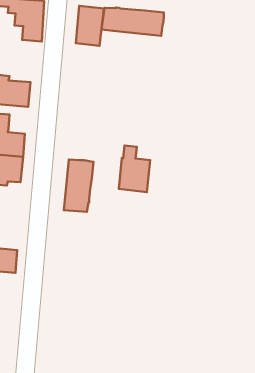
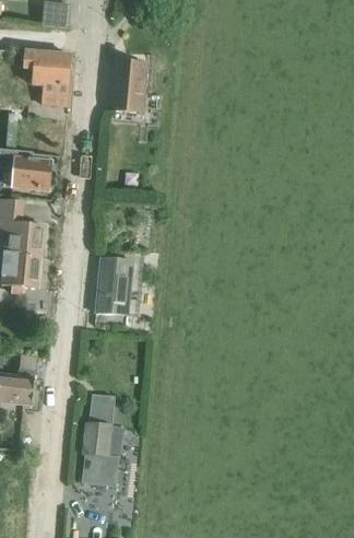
building: [101,7,164,36] -> none
building: [119,146,150,192] -> none
building: none -> [82,394,122,486]

